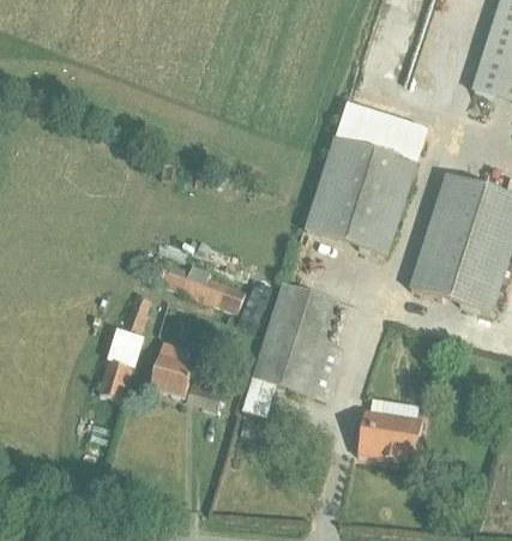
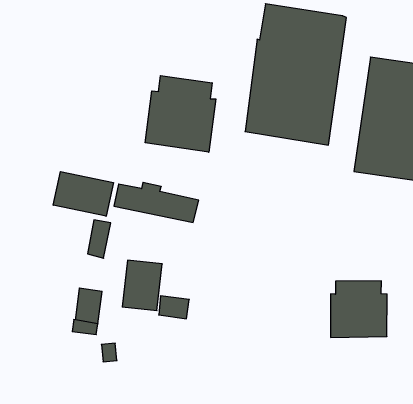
building: none -> [145,76,216,152]
building: none -> [53,172,113,216]
building: [241,281,343,415] -> none
building: [106,325,144,366] -> none

